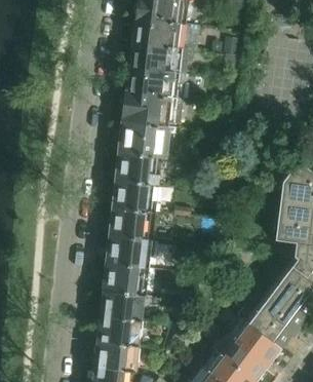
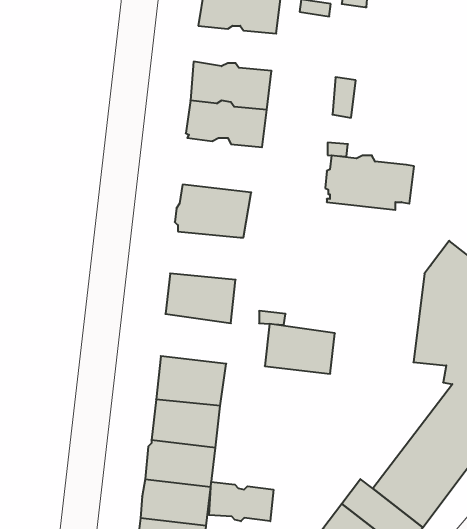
building: [130,17,185,47] -> none
building: [122,91,181,127] -> [325,155,414,210]
building: [115,153,161,185] -> none
building: [109,207,155,240] -> [265,324,335,374]
building: none -> [209,482,273,521]

